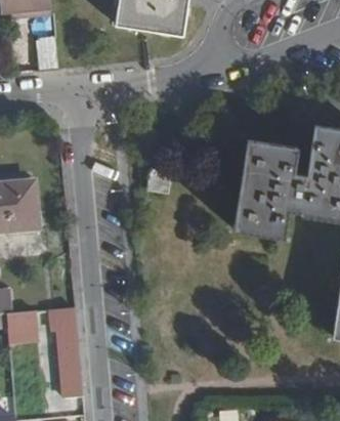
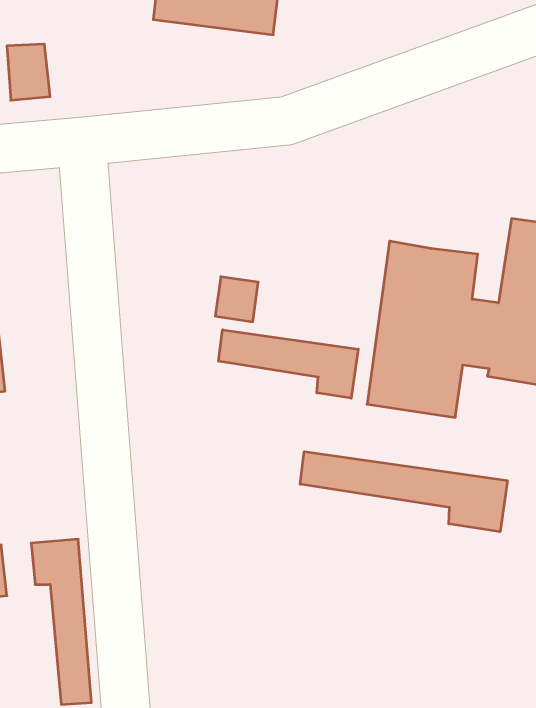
building: none -> [219,330,358,398]
building: none -> [300,452,507,532]

